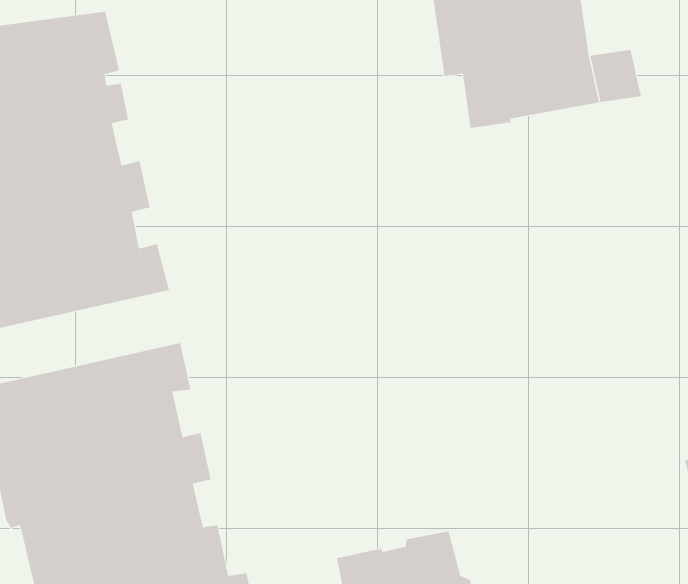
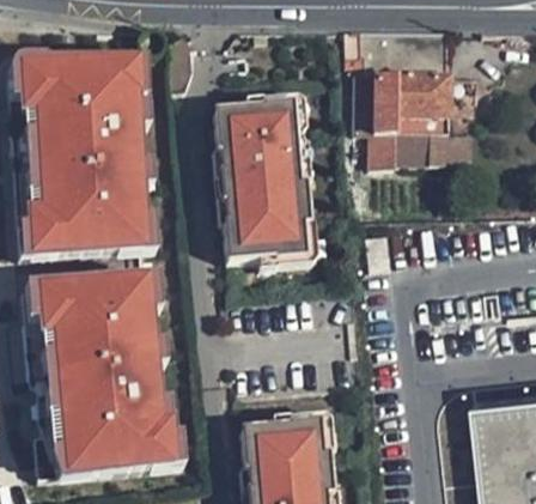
building: none -> [217,104,309,261]

